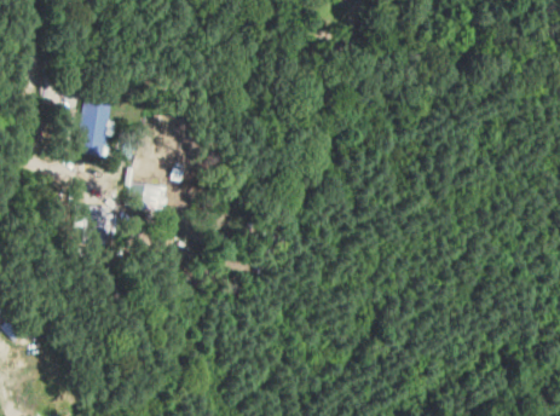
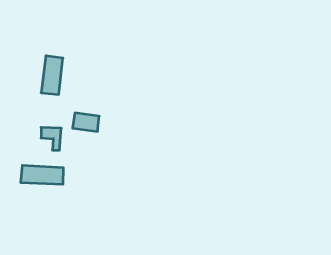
building: none -> [21,165,63,184]

